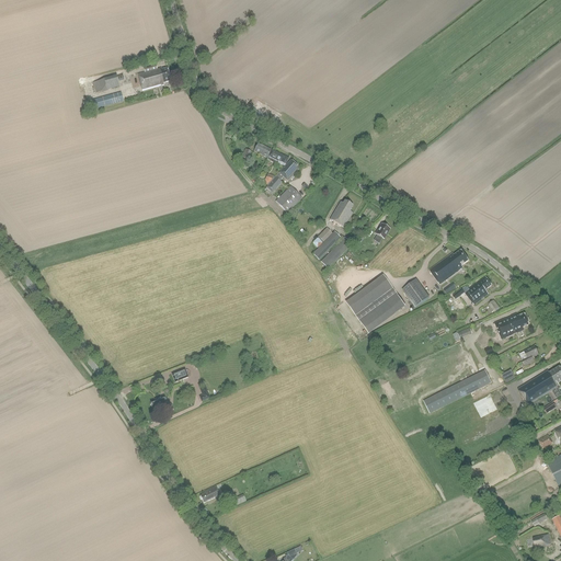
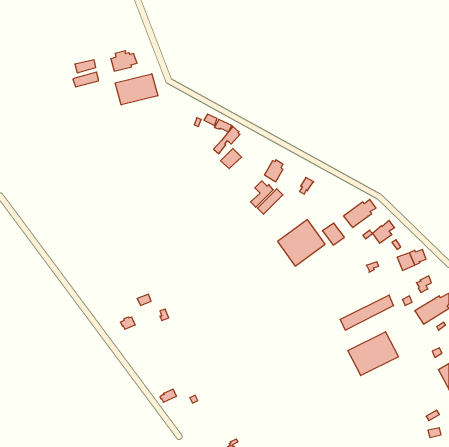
building: none -> [115,74,158,105]
building: none -> [348,332,398,376]

